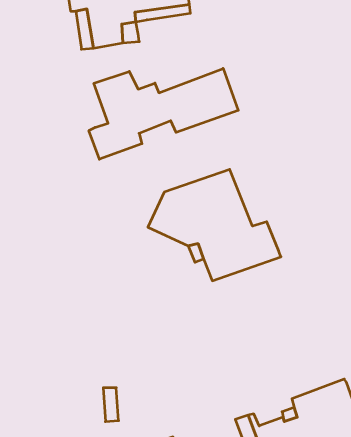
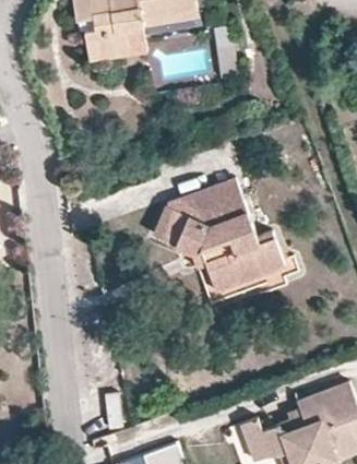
building: [89,68,238,159] -> none

